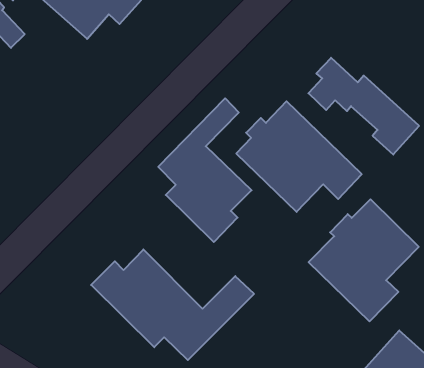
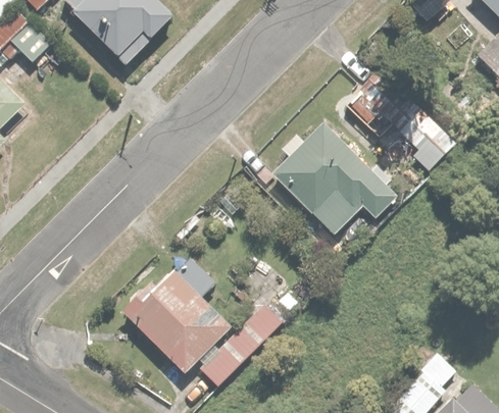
building: [158,98,252,242] -> none
building: [309,199,419,321] -> none

